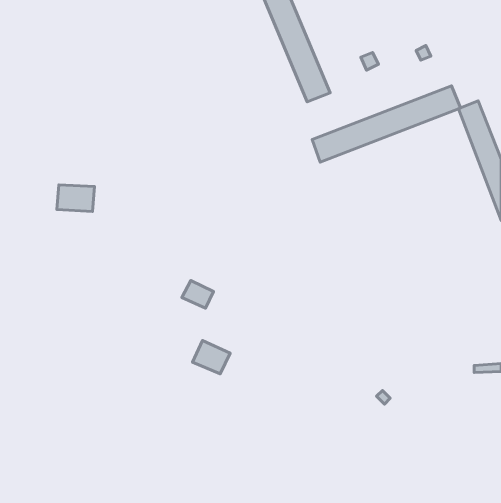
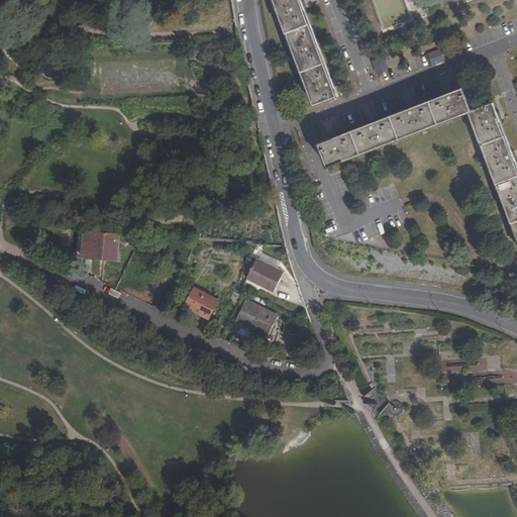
building: [57,185,94,211] -> [79,229,117,256]
building: none -> [244,255,283,290]
building: [193,340,230,374] -> [235,299,274,333]

